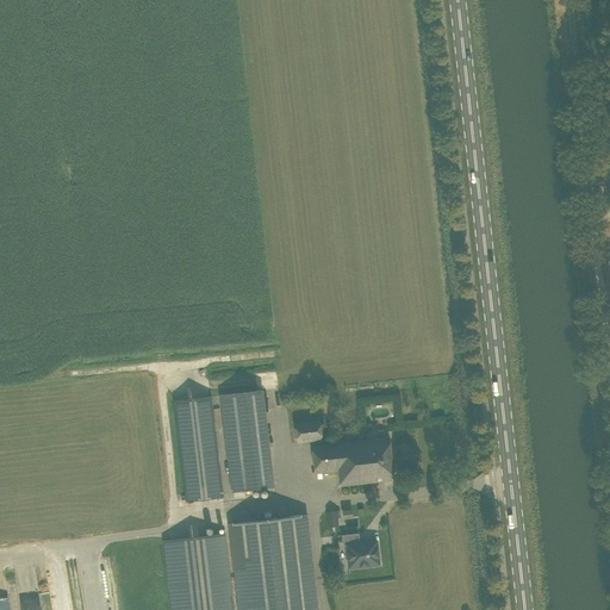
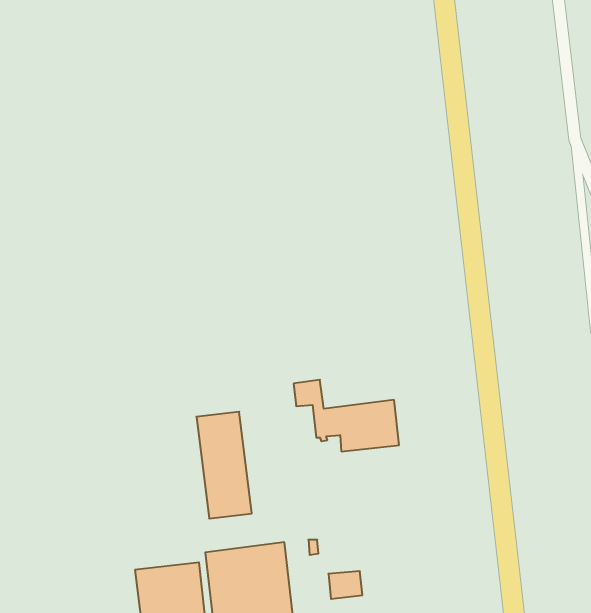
building: [174,397,222,502] -> none
building: [293,418,393,486] -> [294,380,399,451]

